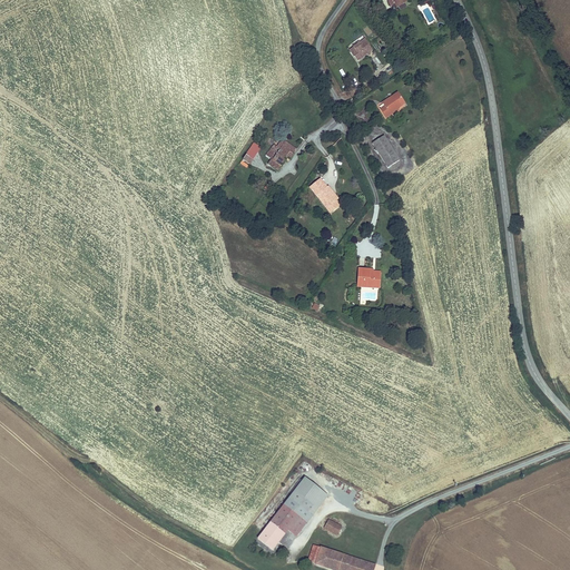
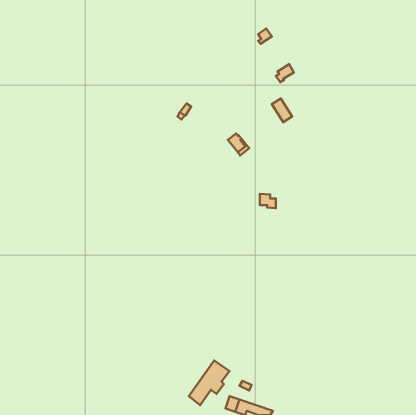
building: [266,138,294,169] -> none
building: [293,480,327,525] -> none

